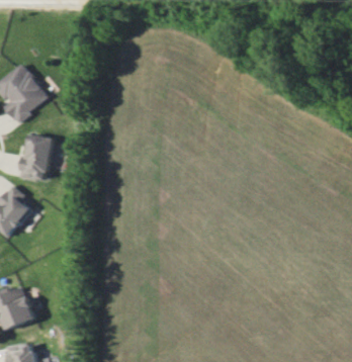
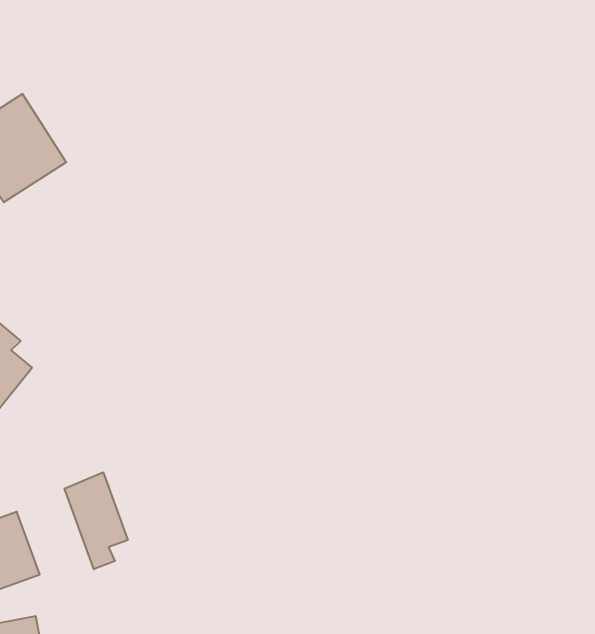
building: [17,133,52,181] -> none
building: none -> [65,472,128,569]

